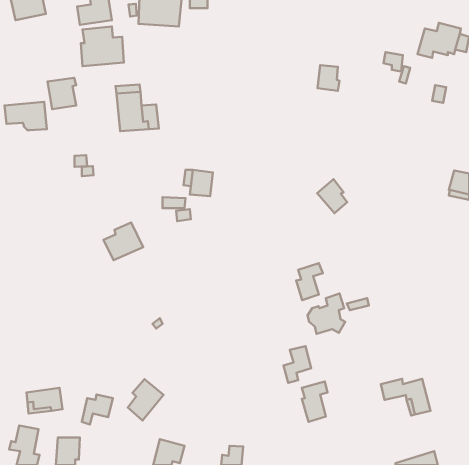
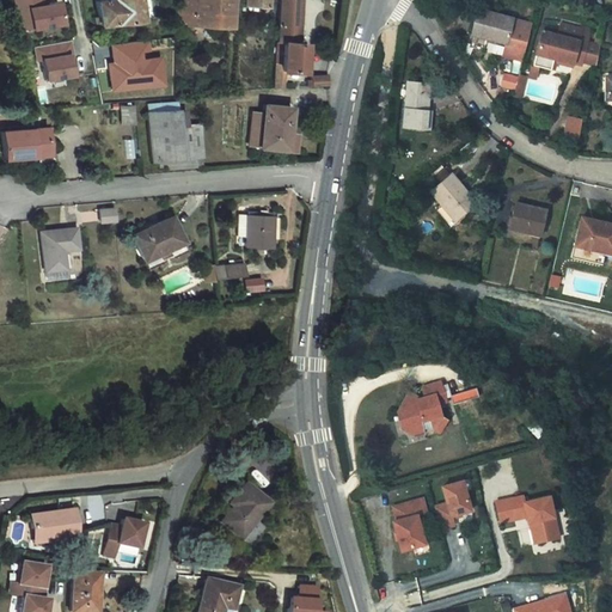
building: none -> [279,5,310,96]
building: none -> [482,12,543,63]
building: [48,78,76,109] -> [33,35,71,75]
building: none -> [253,114,298,160]
building: none -> [518,208,555,241]
building: [317,179,347,213] -> [439,179,478,224]
building: none -> [44,234,80,277]
building: [104,223,143,260] -> [140,226,191,275]
building: [296,263,323,300] -> none
building: [283,346,311,383] -> [435,481,471,528]
building: [128,379,164,420] -> [227,479,274,533]

